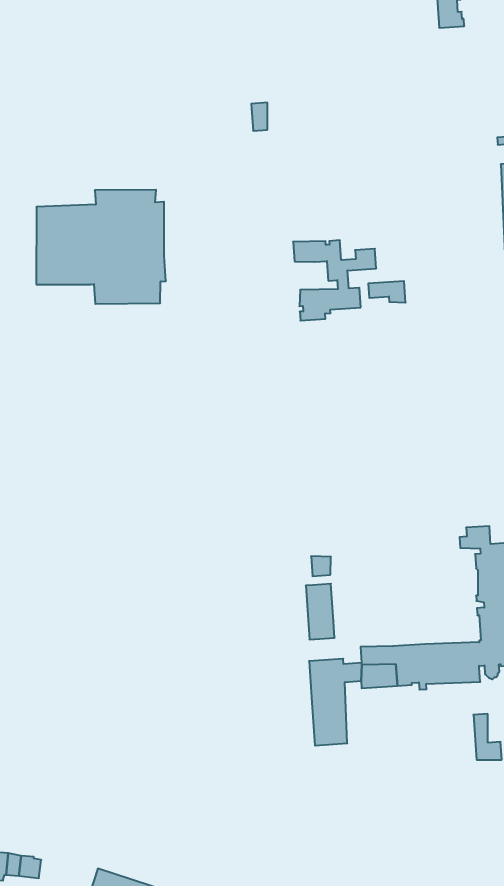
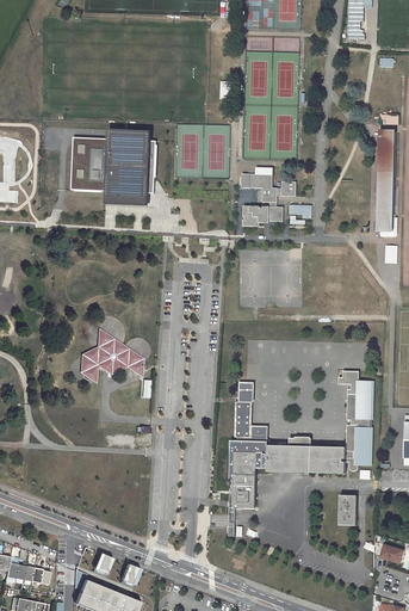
building: none -> [80,331,142,379]
building: none -> [230,426,267,479]

